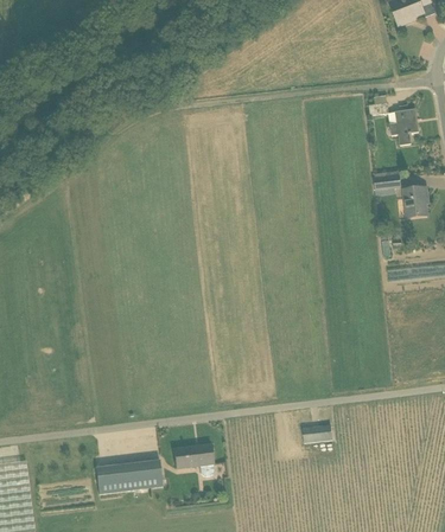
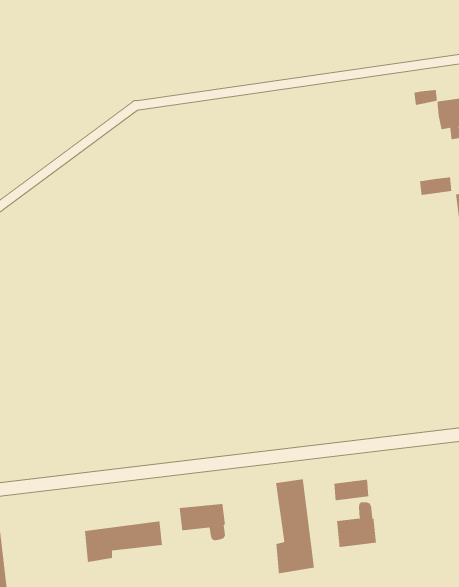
building: none -> [275,479,314,574]
building: none -> [336,502,376,548]

